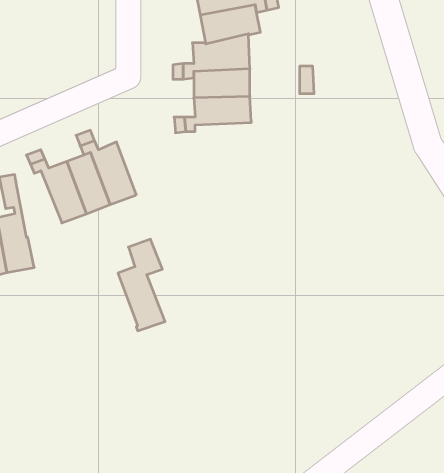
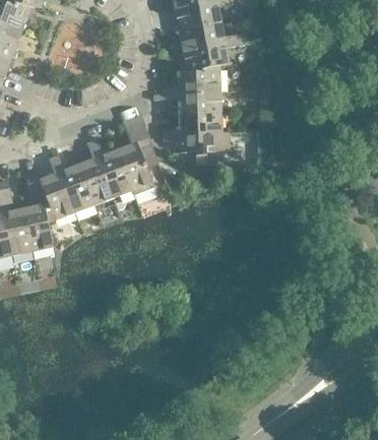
building: none -> [178,132,229,155]
building: none -> [39,171,74,223]
building: [118,239,165,331] -> [117,122,153,193]

